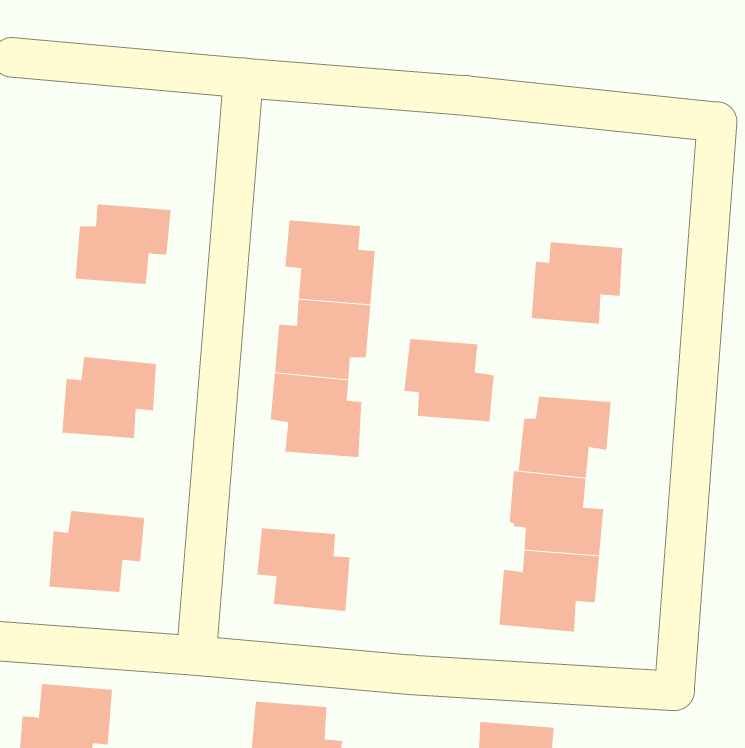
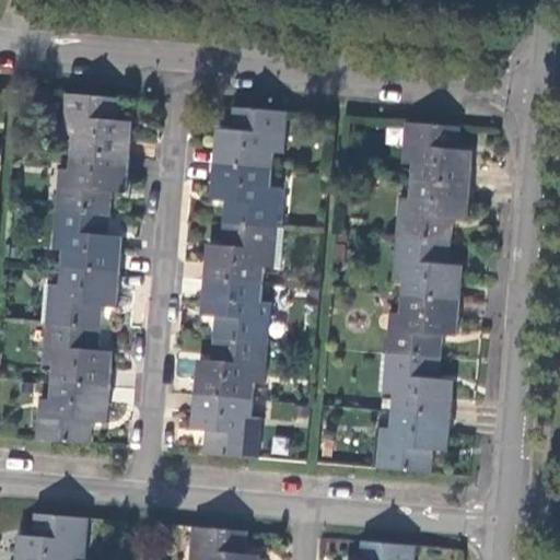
building: none -> [63,94,131,158]
building: none -> [215,107,285,170]
building: none -> [400,122,468,186]
building: none -> [54,209,120,272]
building: [403,338,494,422] -> [392,238,459,301]
building: none -> [44,324,112,387]
building: none -> [195,338,268,399]

